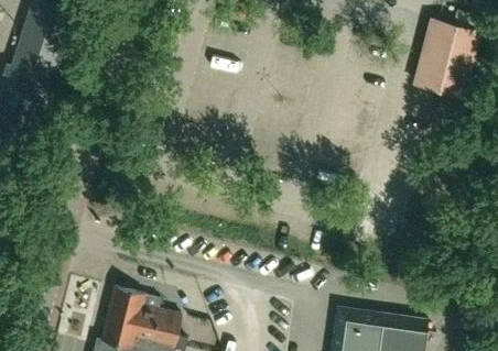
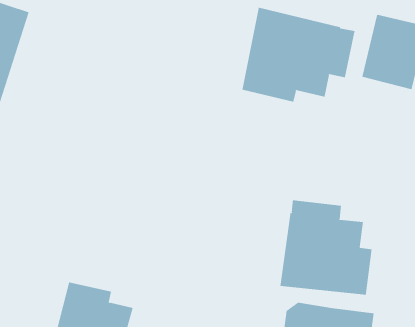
building: none -> [242,7,355,102]
building: none -> [280,200,372,295]

